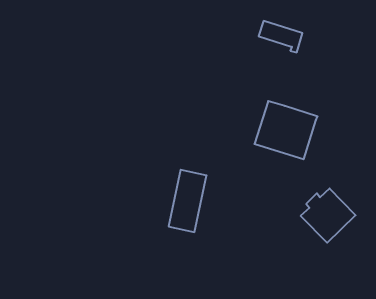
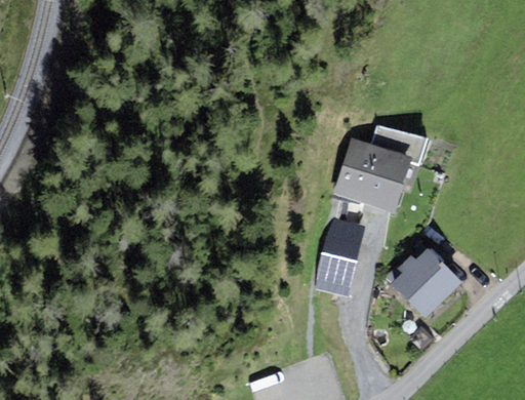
building: [259,21,302,52] -> [370,124,426,164]
building: [169,170,207,232] -> [316,217,364,296]

